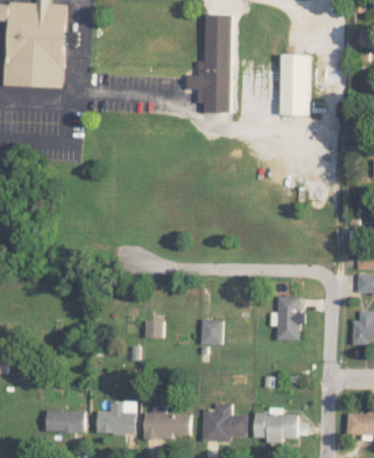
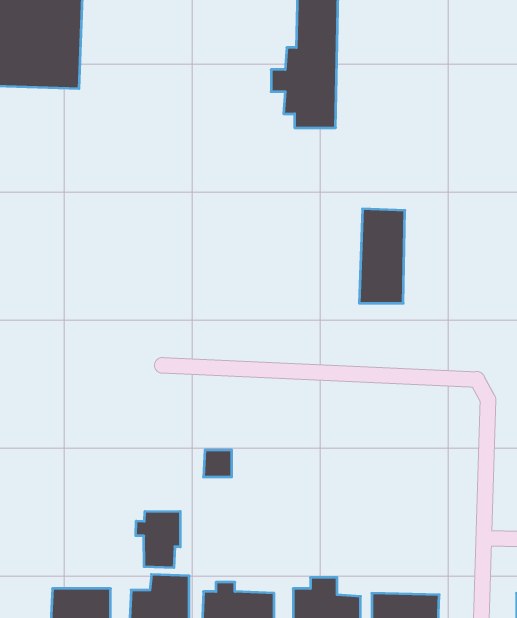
building: [279,54,309,115] -> [359,209,405,303]
building: [275,297,303,340] -> none
building: [199,319,222,345] -> none
building: none -> [136,511,180,568]

